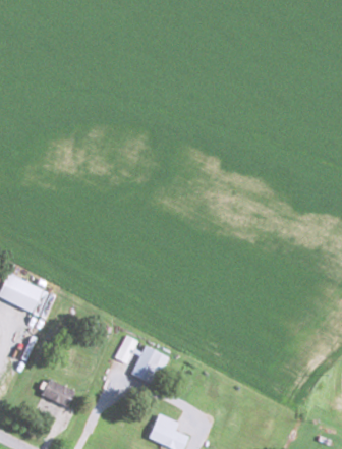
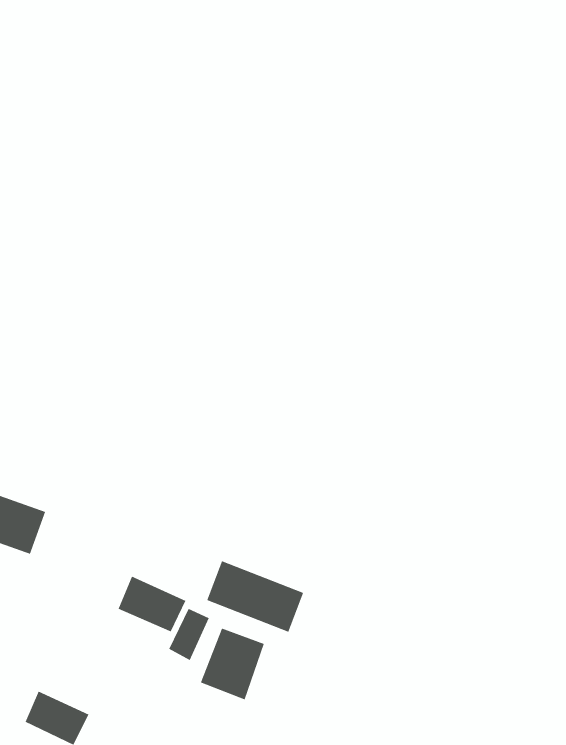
building: none -> [206,560,304,633]
building: none -> [117,575,186,632]

